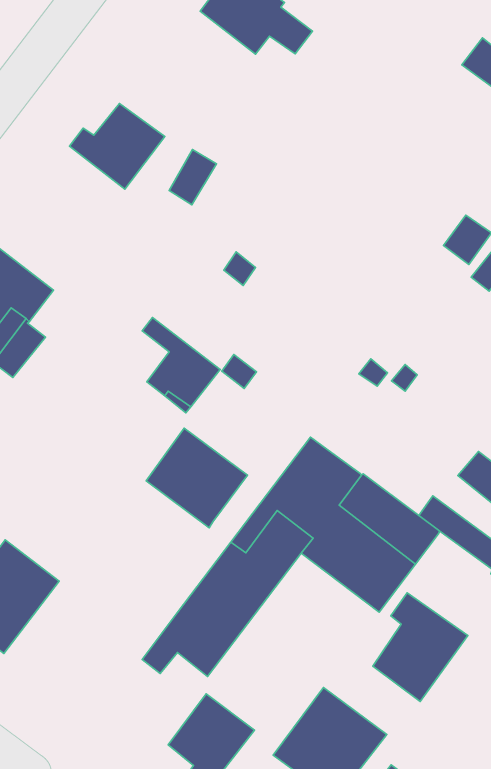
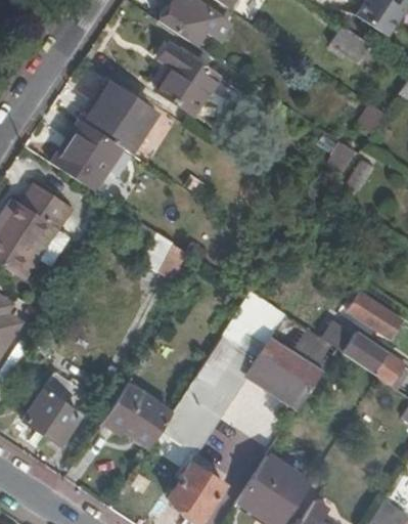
building: none -> [155,43,219,114]
building: none -> [49,119,123,191]
building: [146,428,247,528] -> [104,384,170,447]
building: [373,593,468,702] -> none

